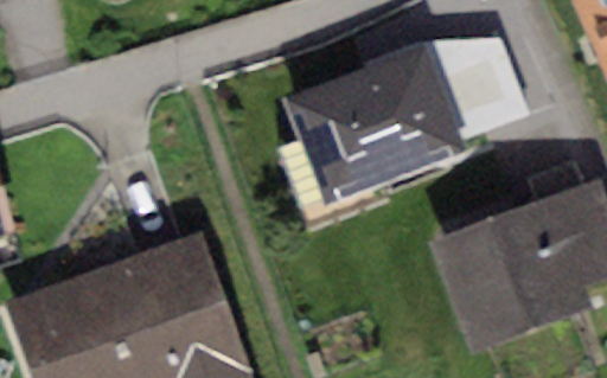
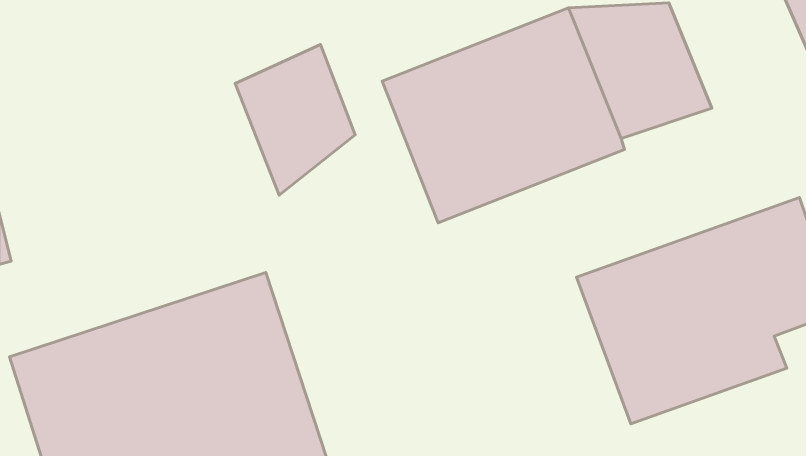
building: none -> [235,45,355,195]

